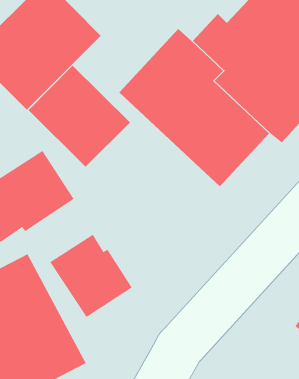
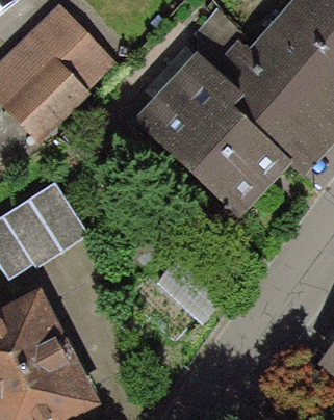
building: [28,65,131,168] -> none
building: [49,234,133,318] -> none

